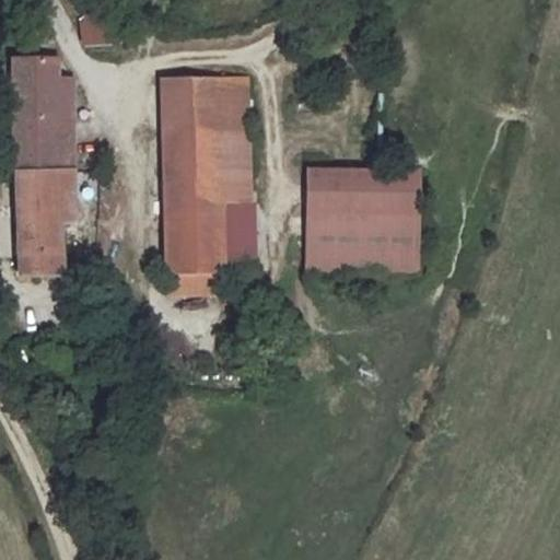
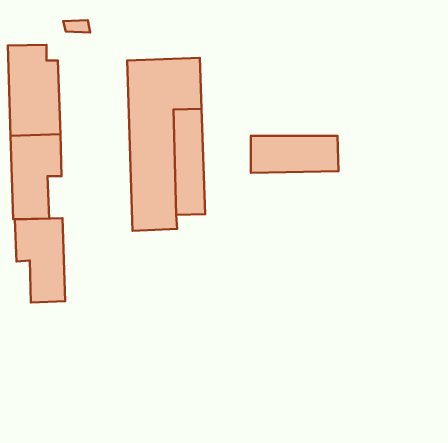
building: [313,213,422,270] -> none
building: none -> [15,218,65,303]

